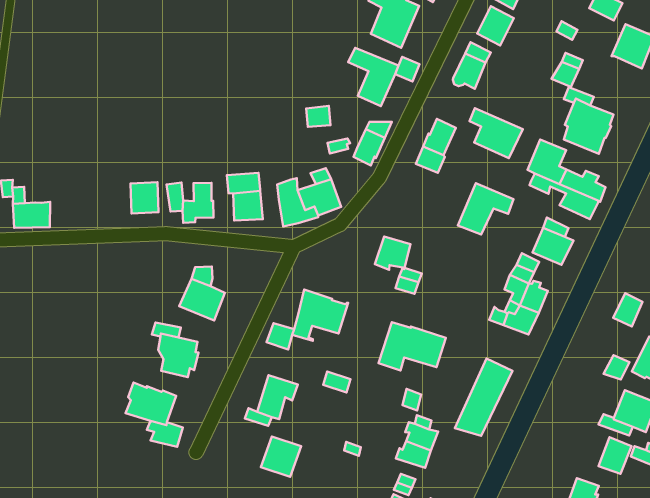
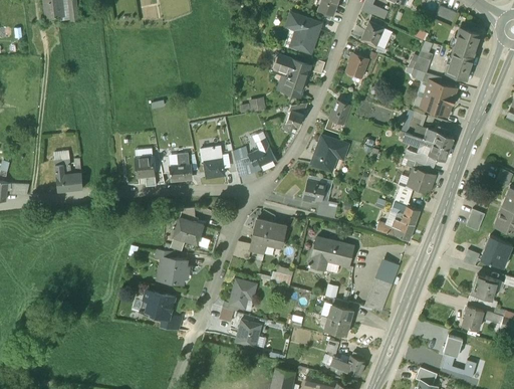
building: none -> [446,49,473,78]
building: [458,183,514,234] -> [311,136,347,170]

